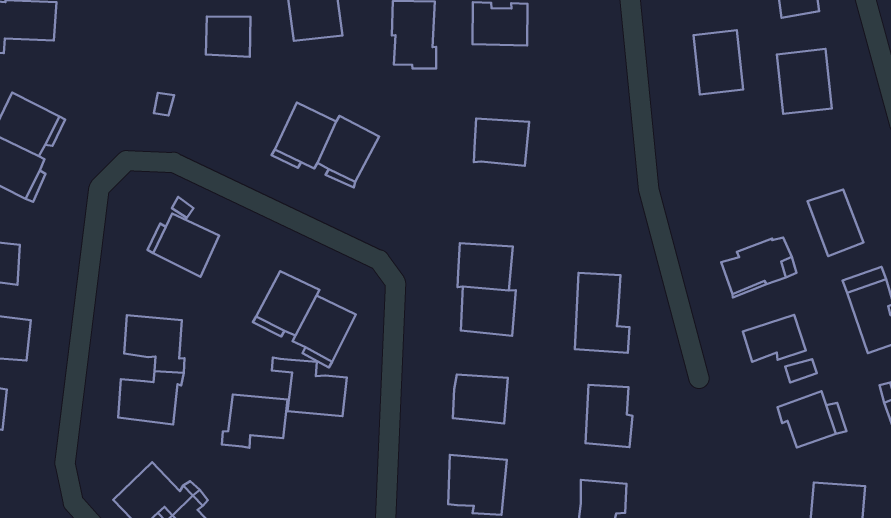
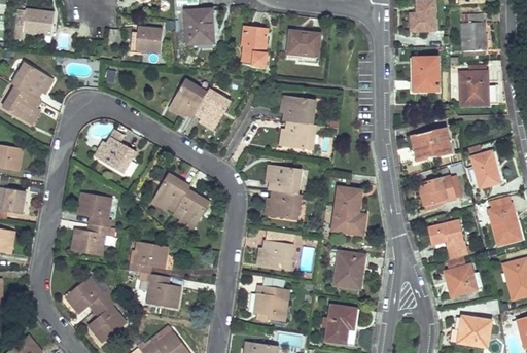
building: none -> [414,128,452,162]
building: none -> [283,120,316,150]
building: [272,358,347,416] -> [139,272,181,308]

